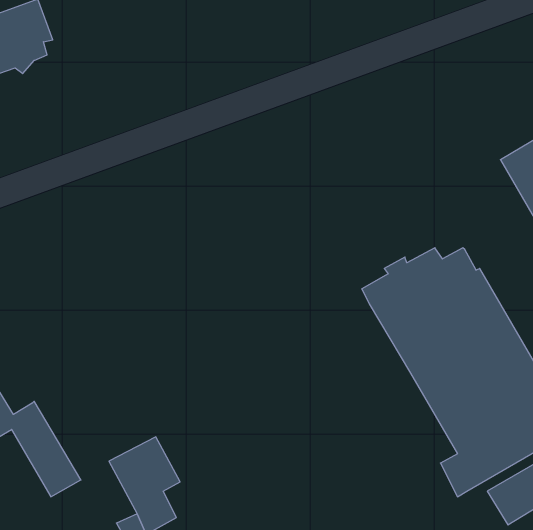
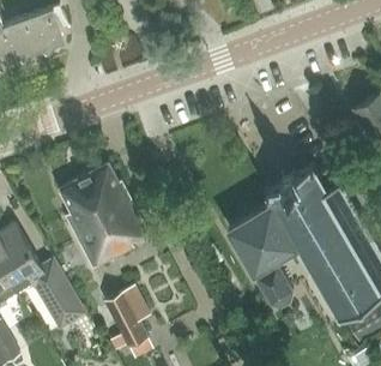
building: none -> [58,164,145,269]
building: none -> [225,200,326,302]

